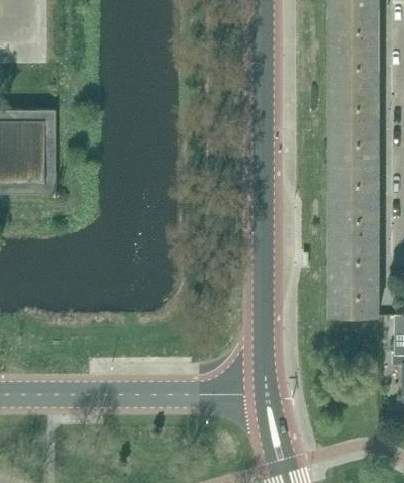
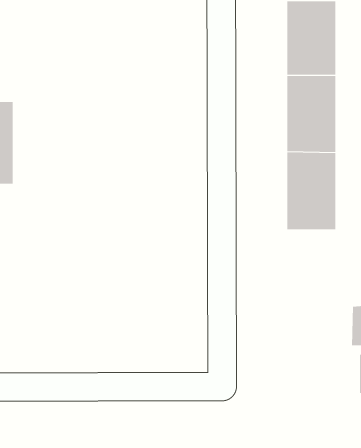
building: [328,237,378,315] -> none

